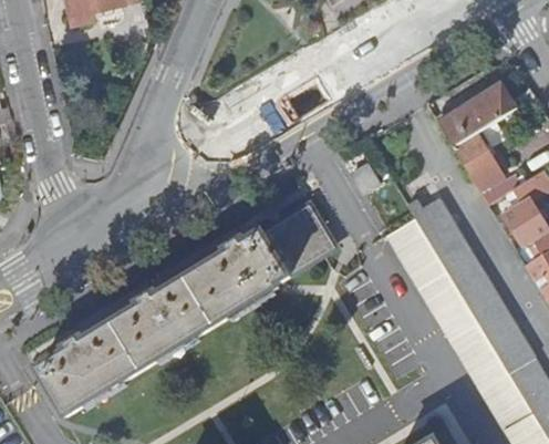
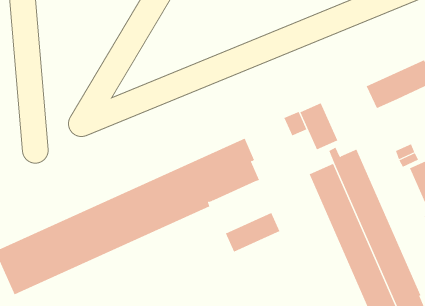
building: [454,132,503,187] -> [299,103,338,150]
building: none -> [225,212,280,252]

